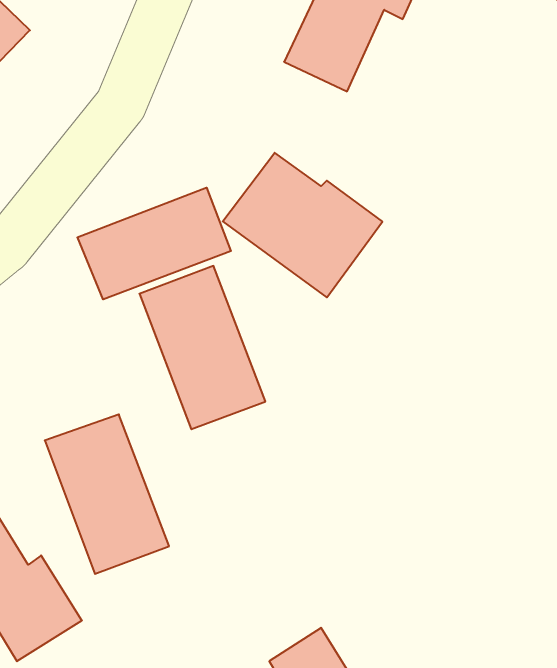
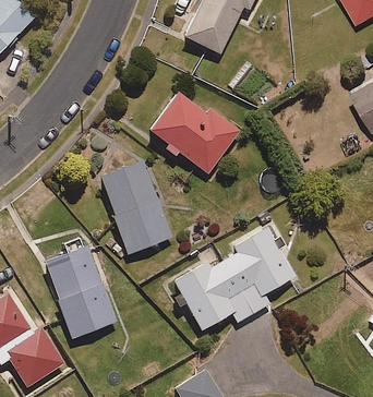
building: [77,188,231,299] -> none
building: none -> [173,225,296,329]

